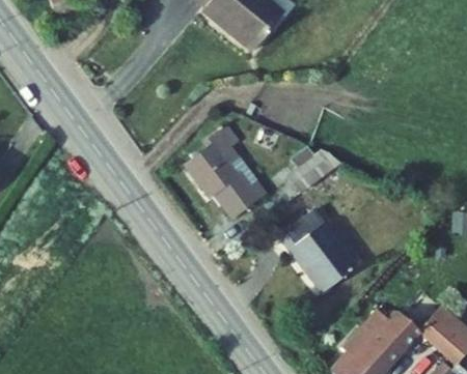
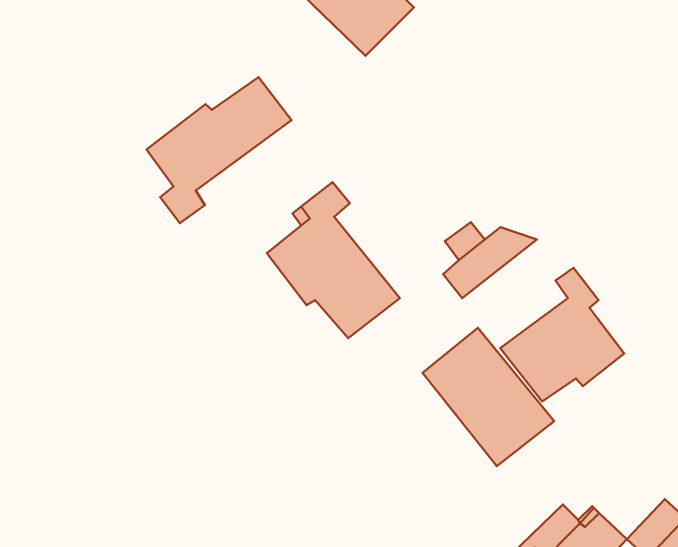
building: none -> [147,77,291,223]
building: none -> [500,268,624,401]

